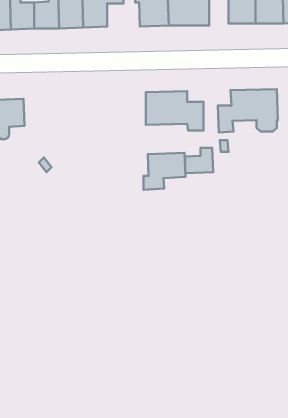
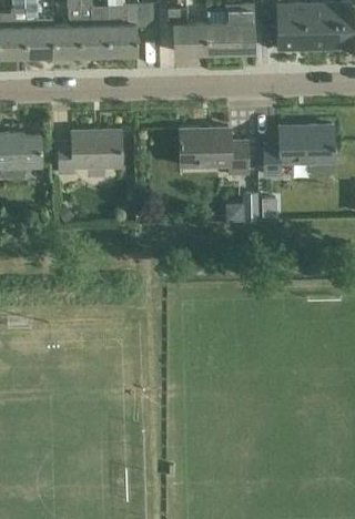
building: none -> [59,130,121,174]
building: [144,153,185,190] -> none

